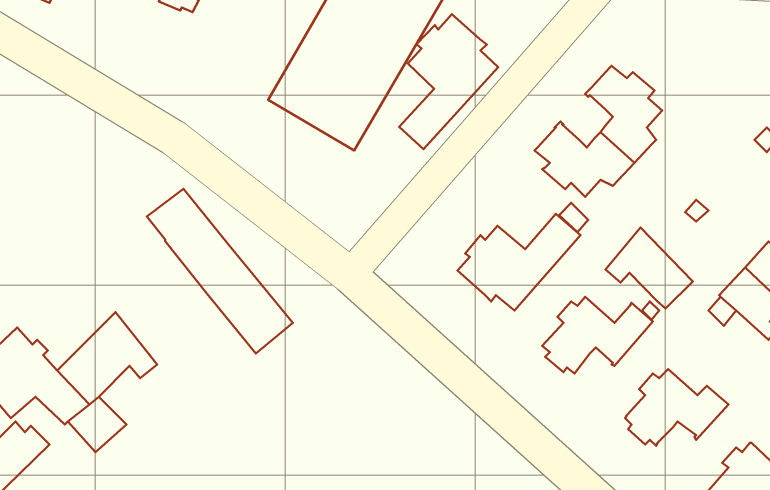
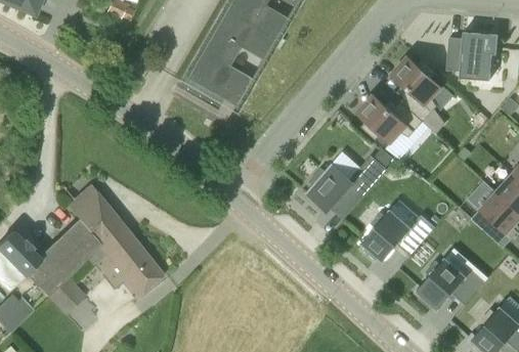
building: [399,14,498,149] -> none
building: none -> [448,34,499,82]
building: [147,189,293,354] -> [67,185,164,295]
building: [605,228,693,308] -> none

